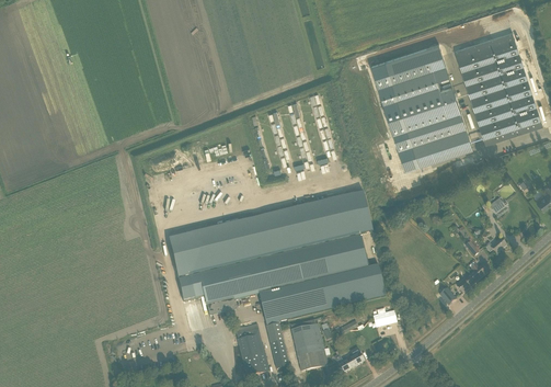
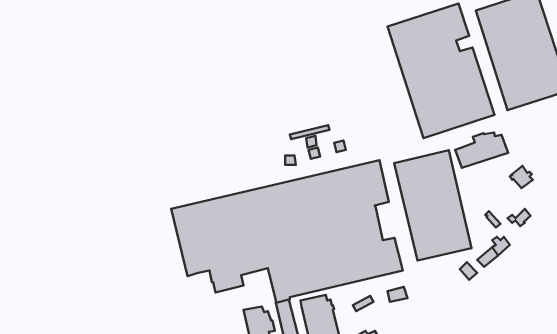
building: none -> [455,132,508,168]
building: none -> [394,150,471,261]

